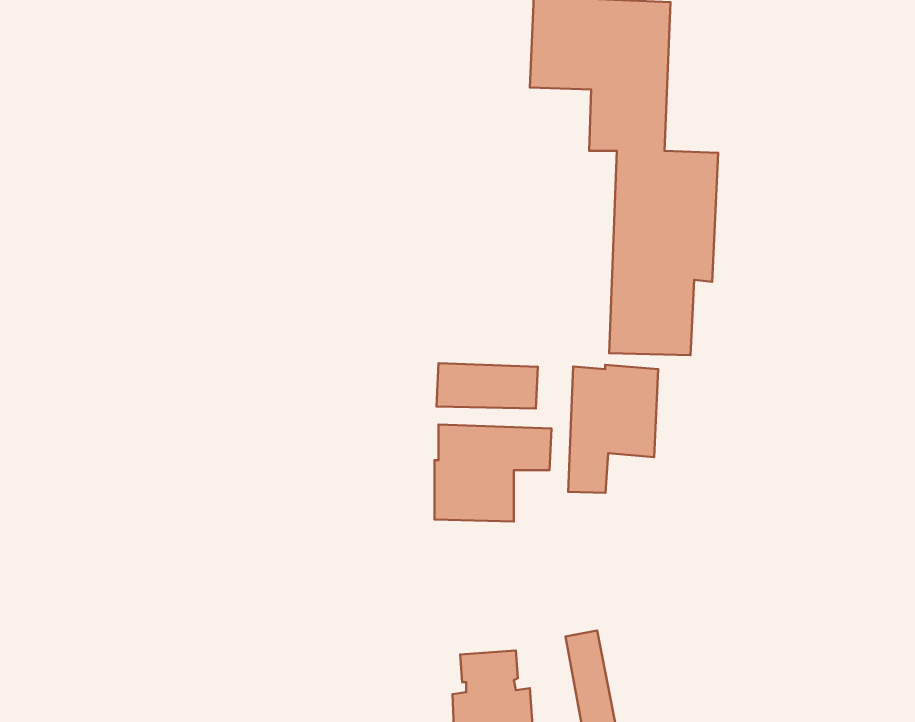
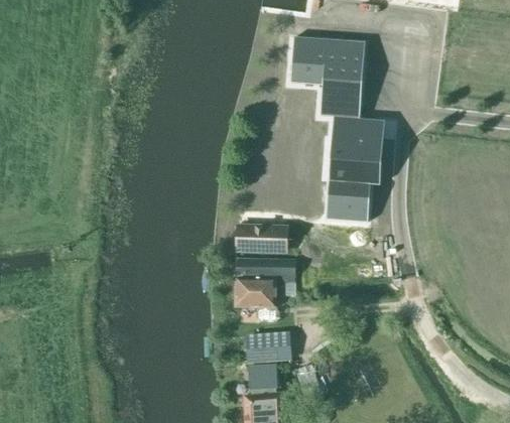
building: [568,365,658,493] -> none
building: none -> [249,331,292,365]

